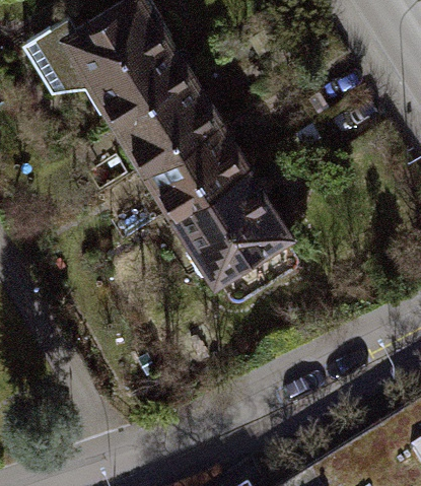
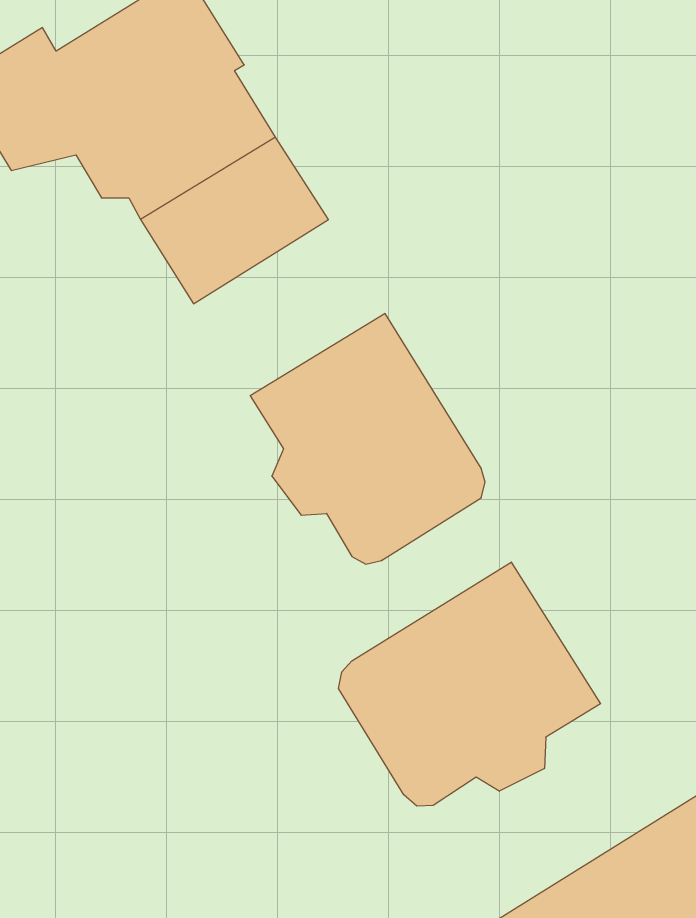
building: [142,116,241,207] -> none
building: none -> [339,562,601,806]

